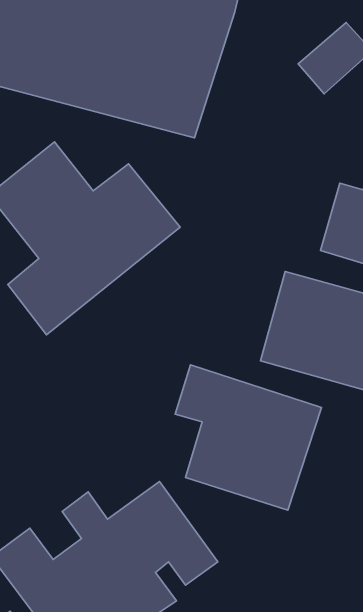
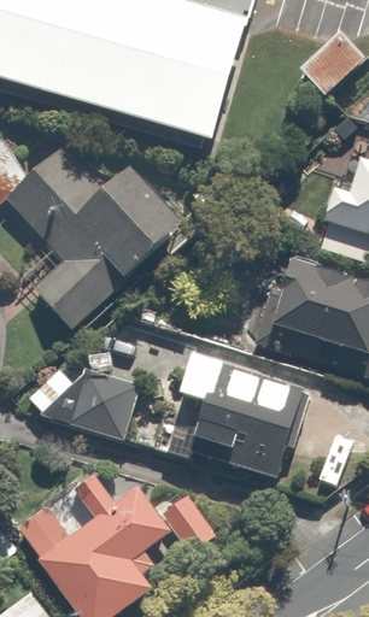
building: none -> [47,358,140,441]

